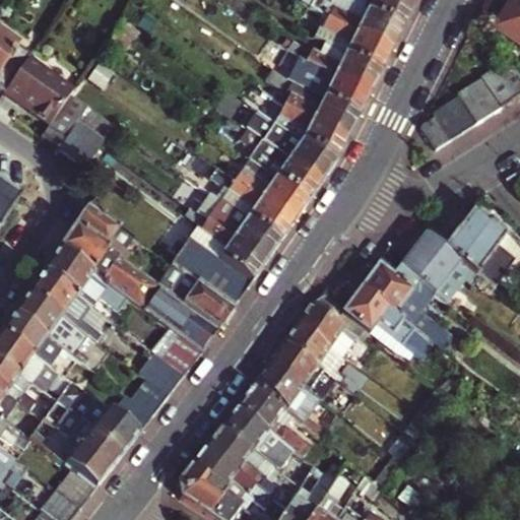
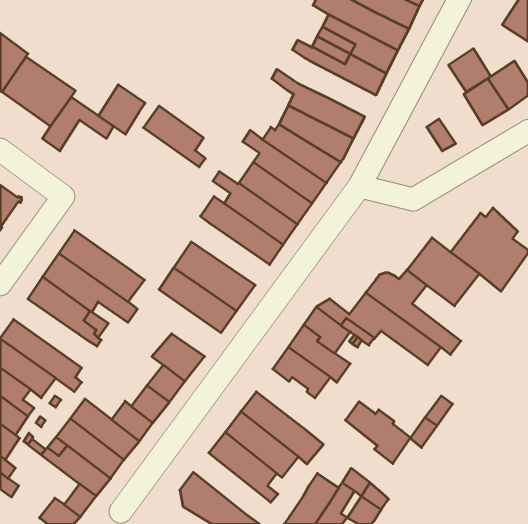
building: [300,60,370,115] -> none
building: [432,96,473,139] -> [449,49,491,92]
building: [59,118,105,167] -> [99,85,145,134]
building: [73,205,134,265] -> [143,106,205,167]
building: [188,219,265,280] -> none
building: [126,275,217,350] -> none
building: [13,294,88,364] -> none
building: [255,363,319,424] -> [345,402,411,464]
building: [190,445,271,507] -> none

